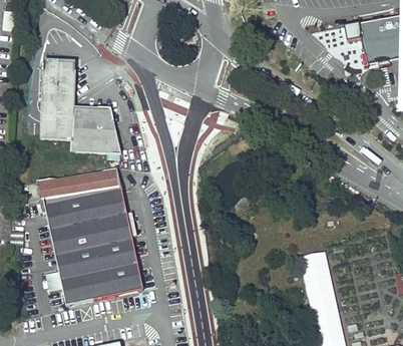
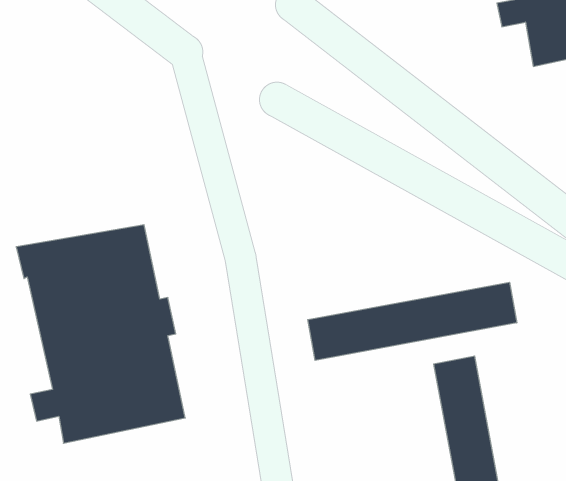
building: [40,58,120,151] -> none
building: none -> [308,282,517,360]

